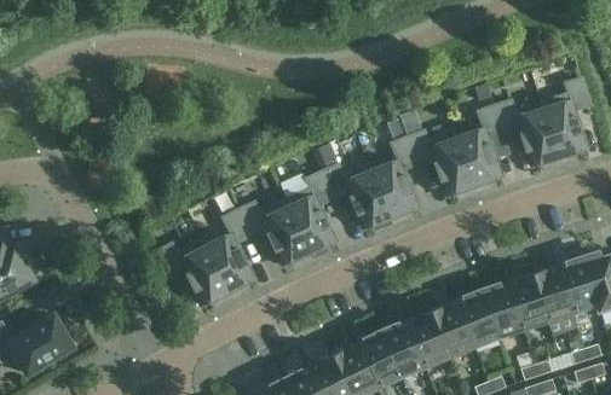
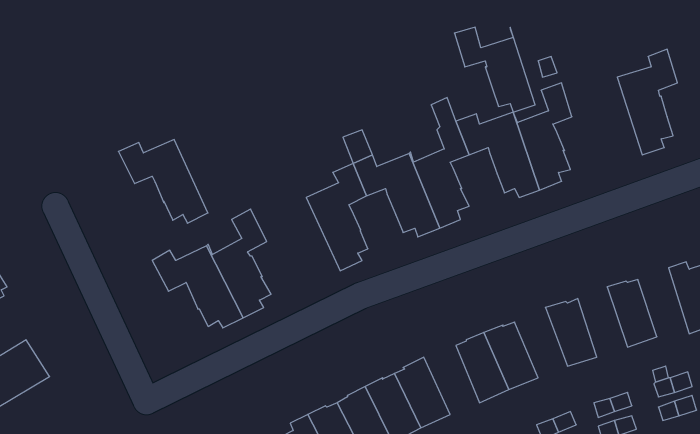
building: [494,100,560,170] -> [454,27,535,112]
building: [237,199,311,268] -> [118,140,208,223]
building: [557,257,599,314] -> none
building: [507,273,548,331] -> none
building: [455,290,498,348] -> none
building: [380,321,426,378] -> none

